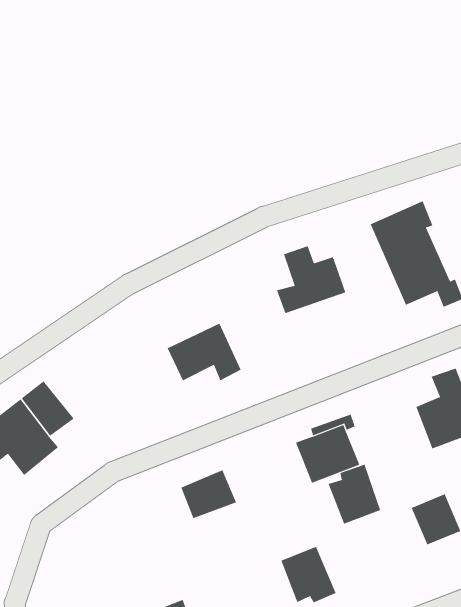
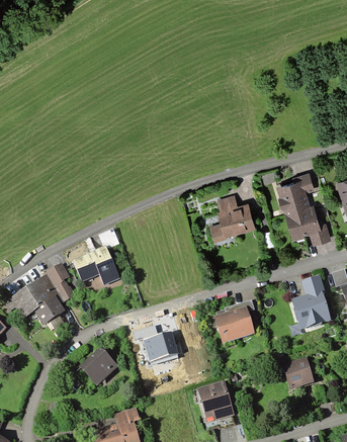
building: [167,323,242,381] -> [74,249,119,285]
building: [328,464,381,525] -> none
building: none -> [86,354,118,385]

